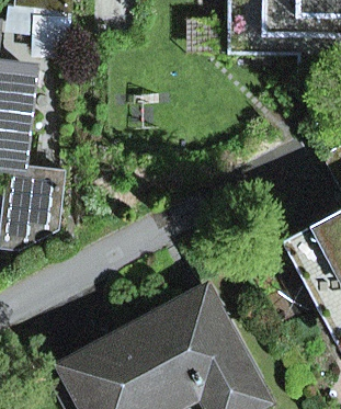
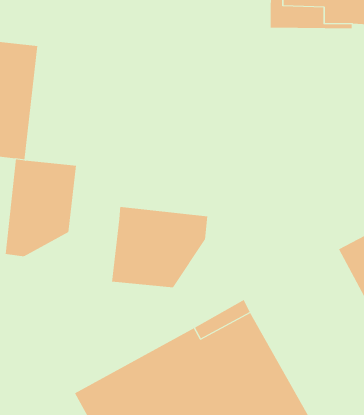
building: none -> [111,206,208,288]

